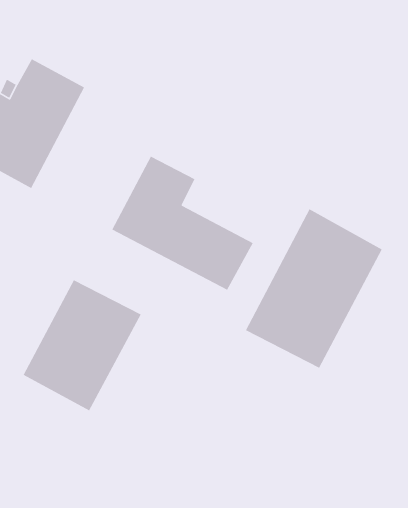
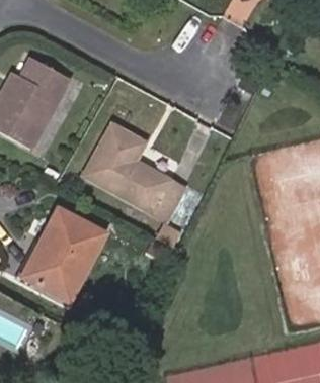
building: [245,208,383,369] -> none

